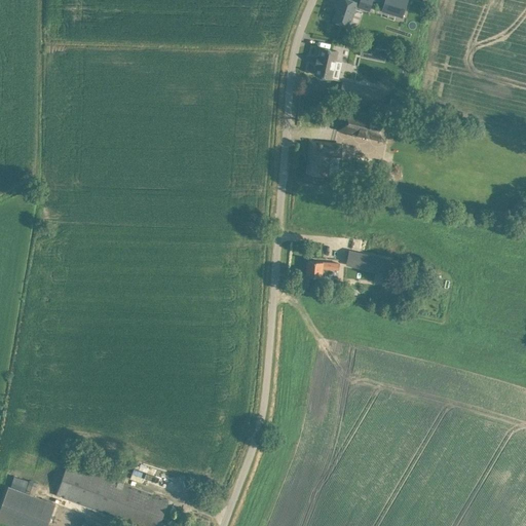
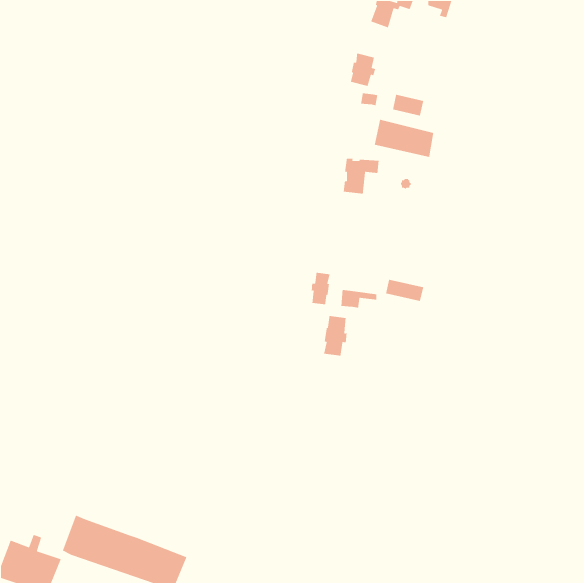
building: none -> [311,272,330,305]
building: none -> [323,315,348,356]

